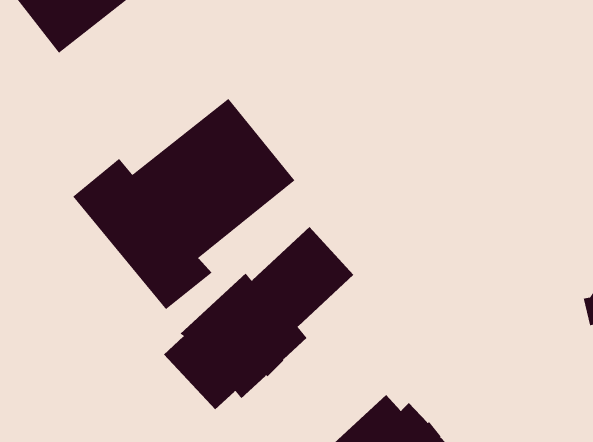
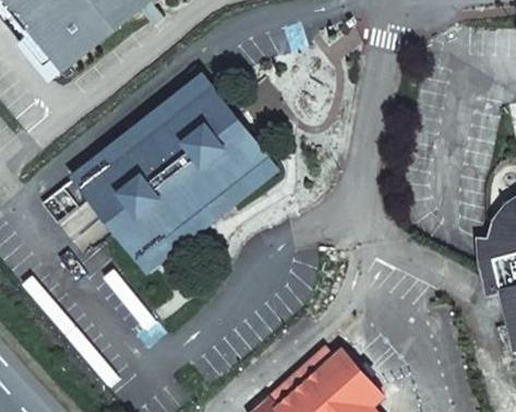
building: none -> [107,81,273,247]
building: [163,226,354,410] -> none

